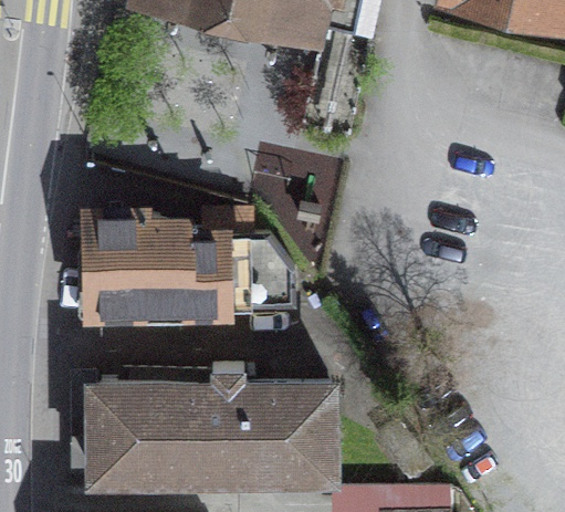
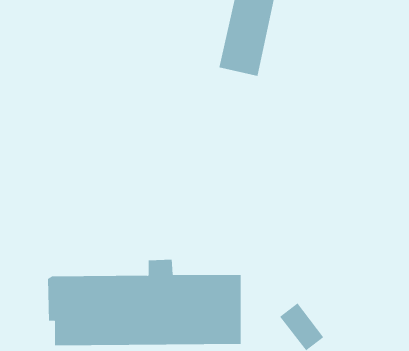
building: [86,217,286,315] -> none

